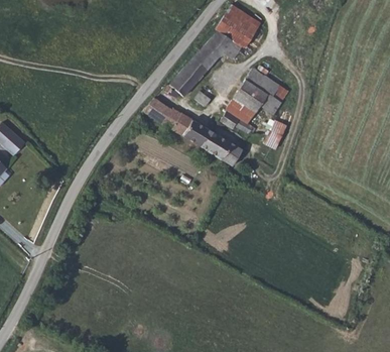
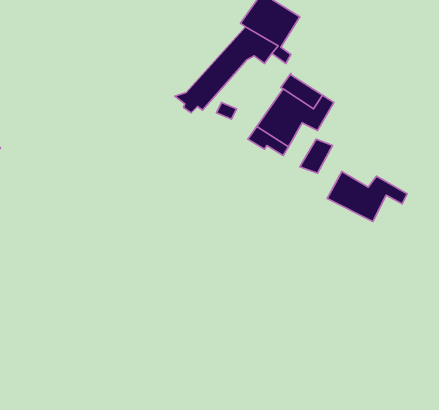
building: [142,96,242,166] -> none
building: none -> [327,172,407,221]

